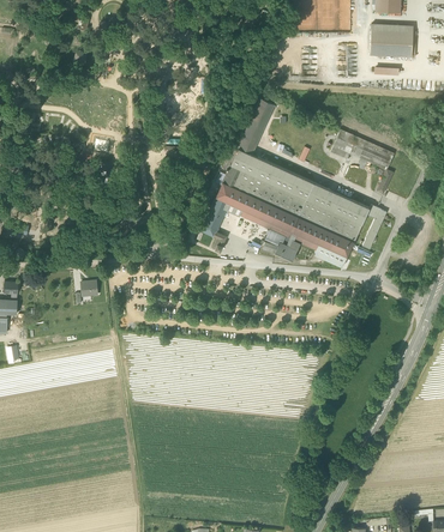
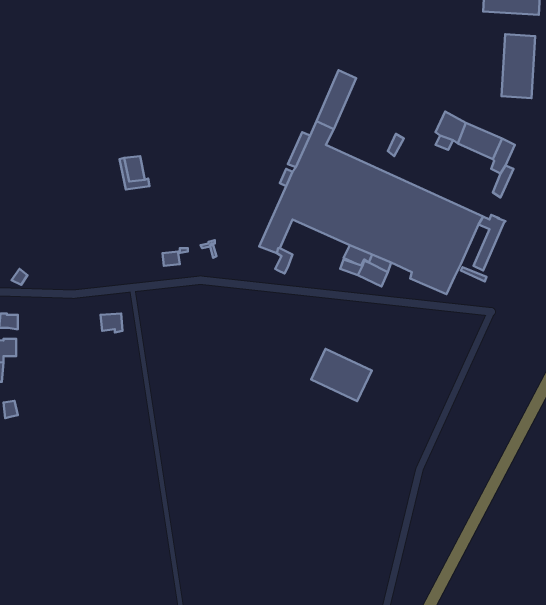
building: none -> [501,34,535,98]
building: none -> [311,349,372,401]

